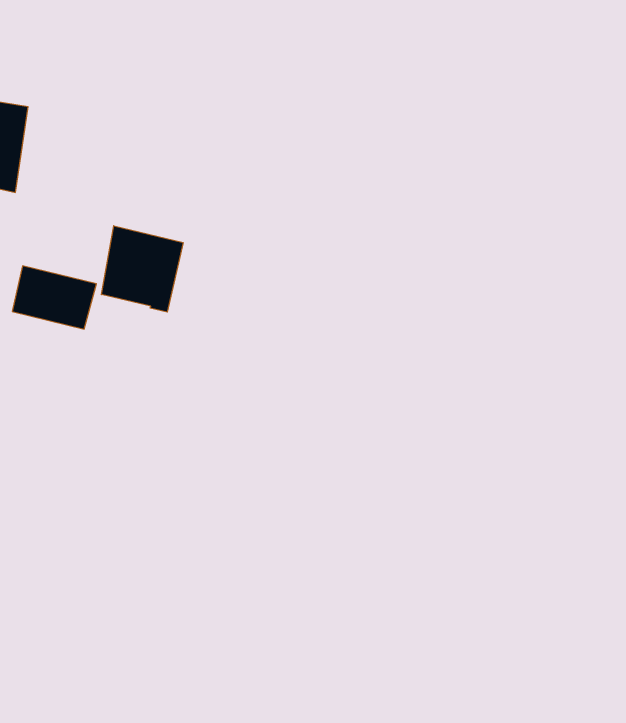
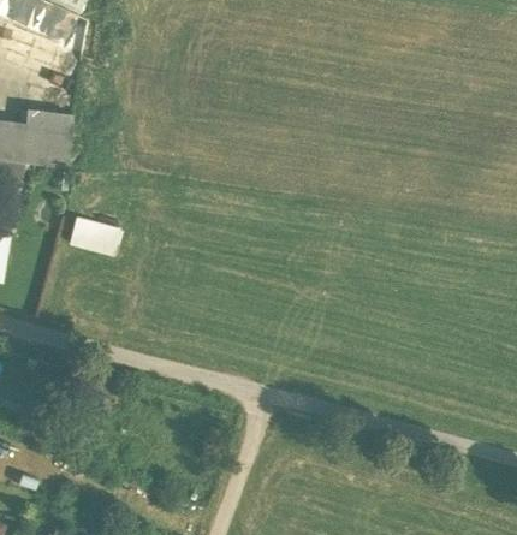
building: [101,226,183,312] -> none

